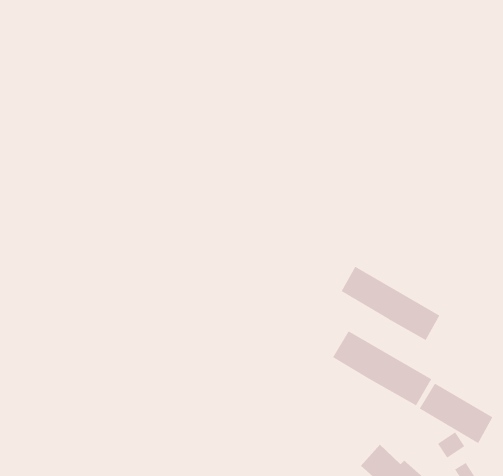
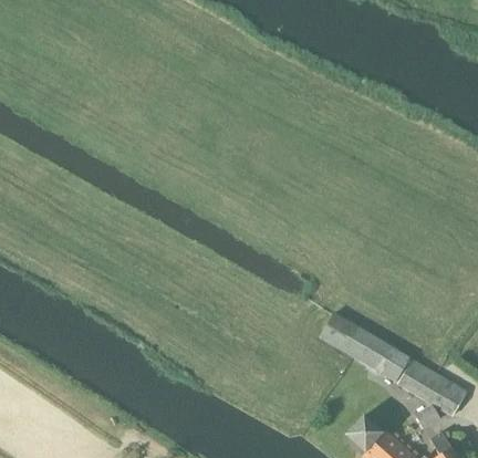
building: [341,266,440,341] -> none

